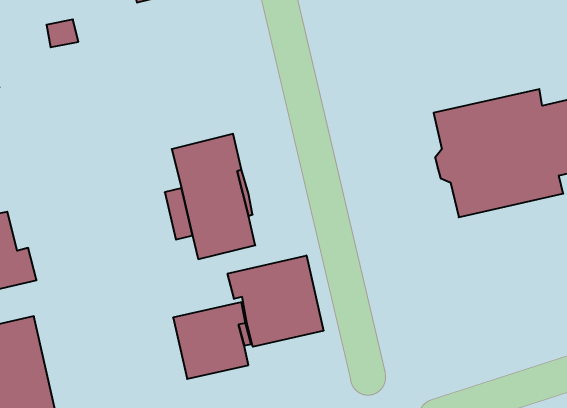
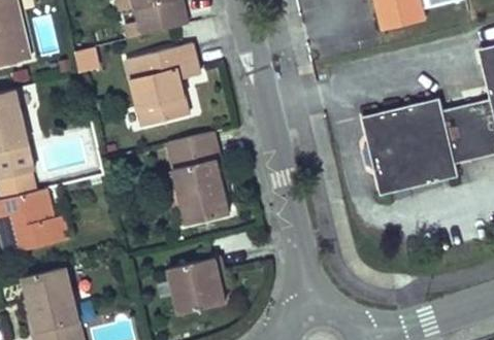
building: none -> [127,42,200,126]
building: [228,255,324,347] -> none

